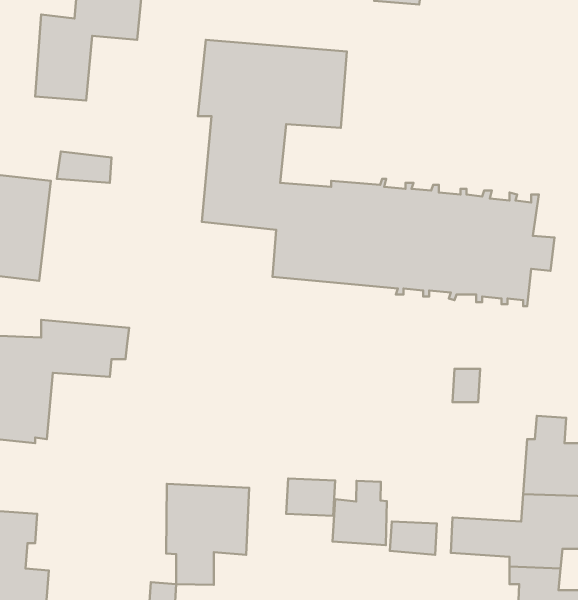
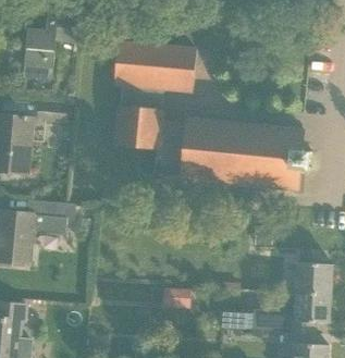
building: [333,481,387,545] -> none
building: [166,484,249,585] -> none

